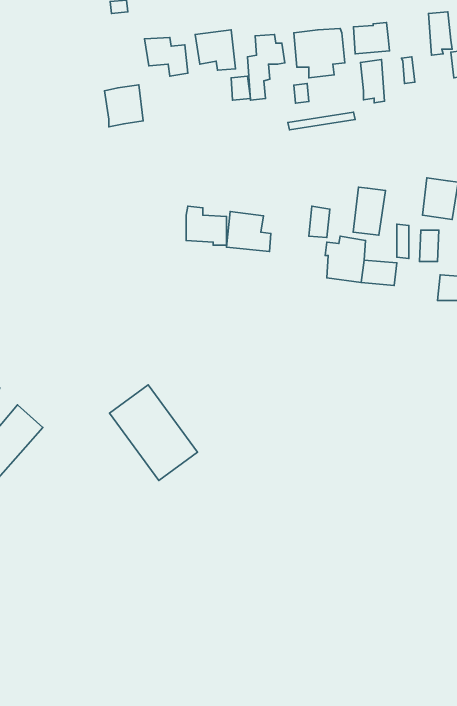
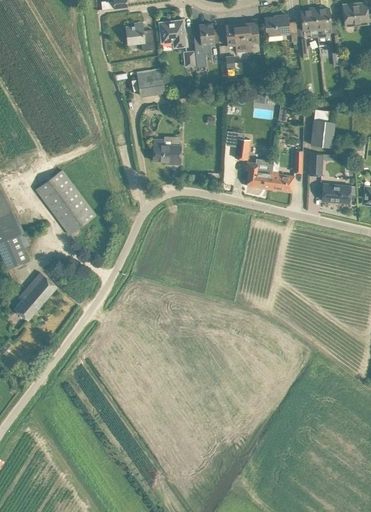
building: [361,59,385,103] -> [301,9,317,38]
building: [104,85,143,127] -> [137,68,163,96]
building: [353,187,385,235] -> none
building: [226,212,271,251] -> none
building: [109,385,198,481] -> [36,170,95,234]

